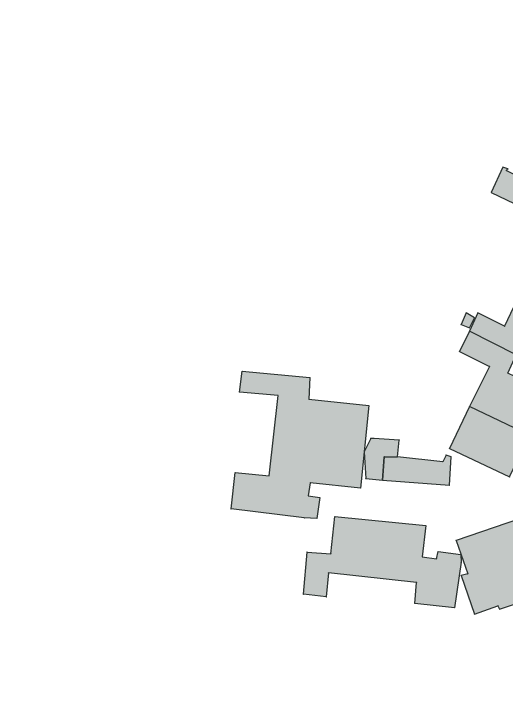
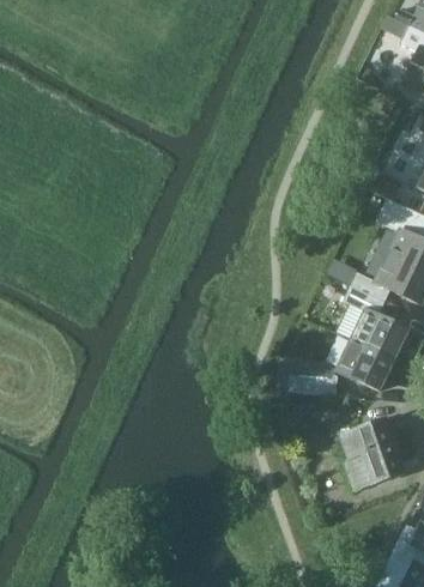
building: [231,371,369,518] -> none
building: [303,517,461,608] -> none

